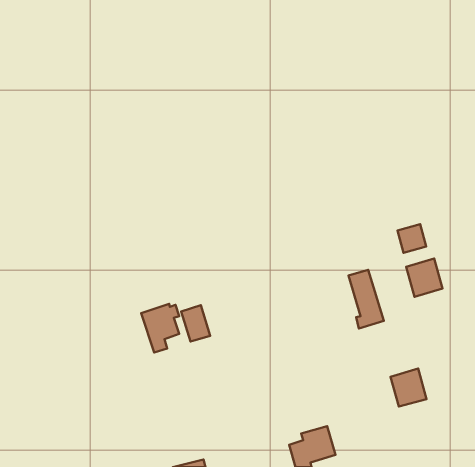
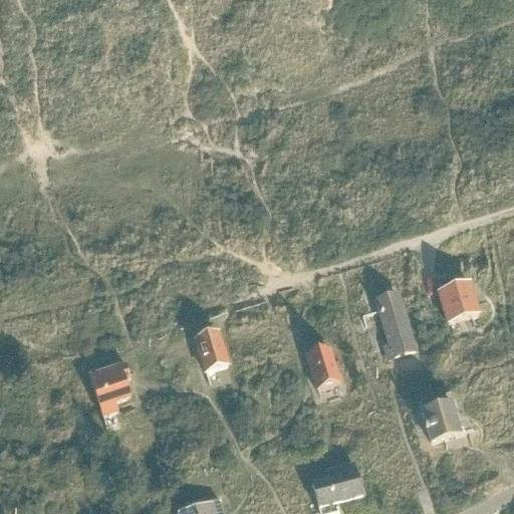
building: [397,224,426,253] -> none
building: [141,304,179,352] -> [89,360,131,413]
building: none -> [306,344,339,387]

